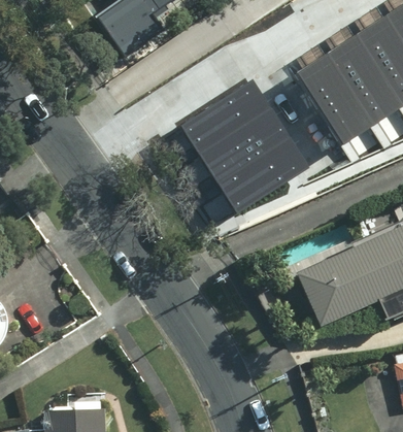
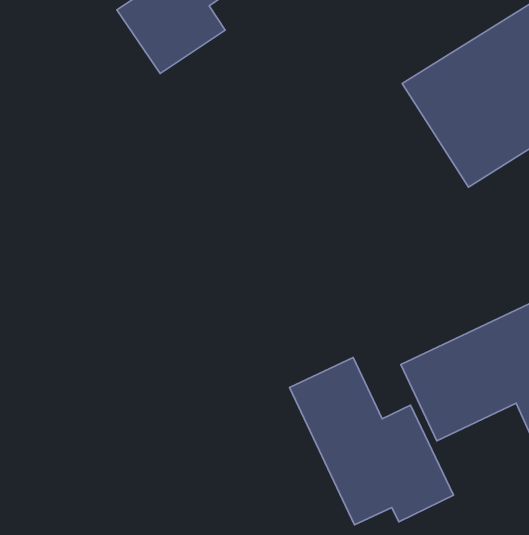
building: [183,79,309,210] -> none
building: none -> [290,357,453,525]

